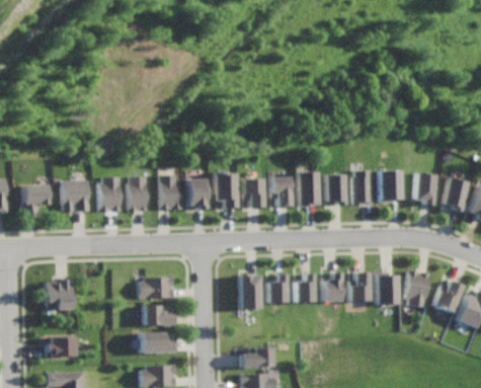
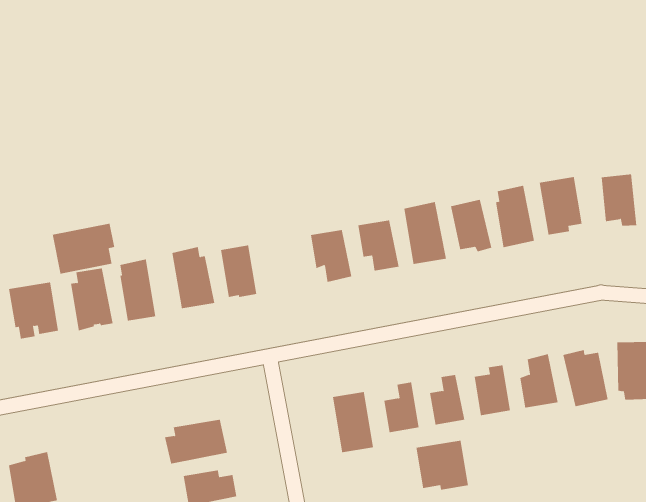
building: none -> [52,223,115,274]
building: [215,173,236,208] -> none
building: none -> [416,440,469,490]

